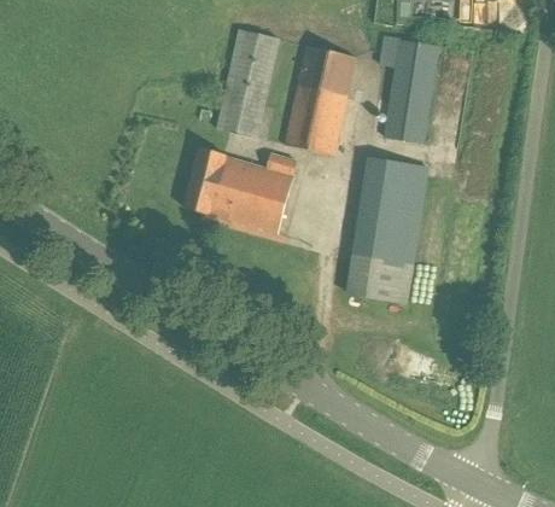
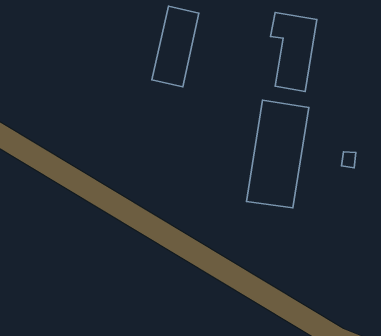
building: [284,46,356,157] -> none
building: [185,150,298,234] -> none

